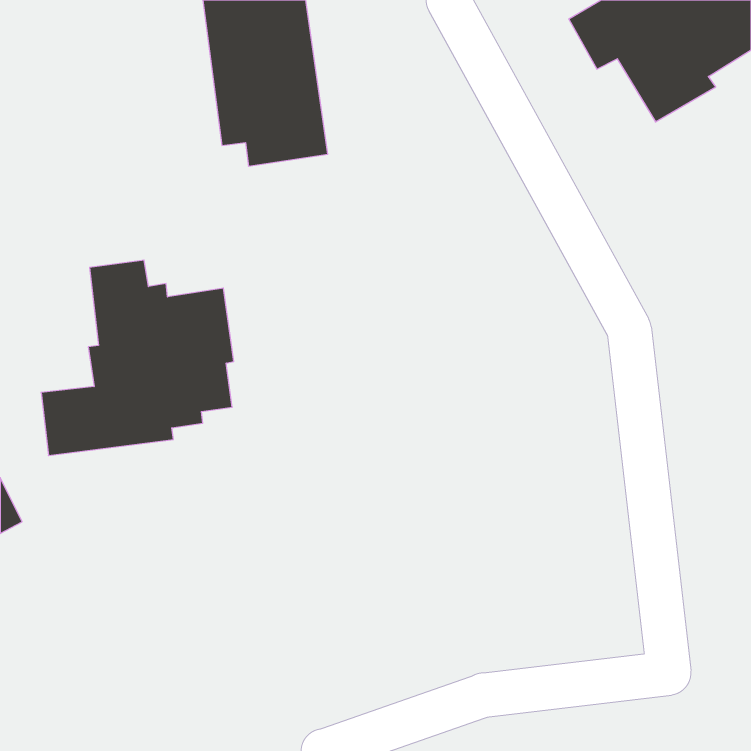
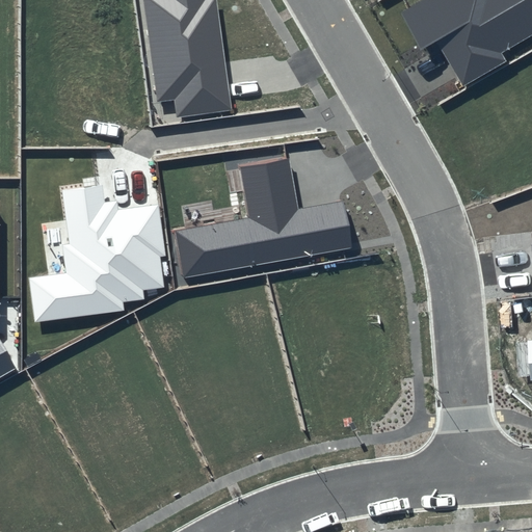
building: none -> [176,157,352,278]

